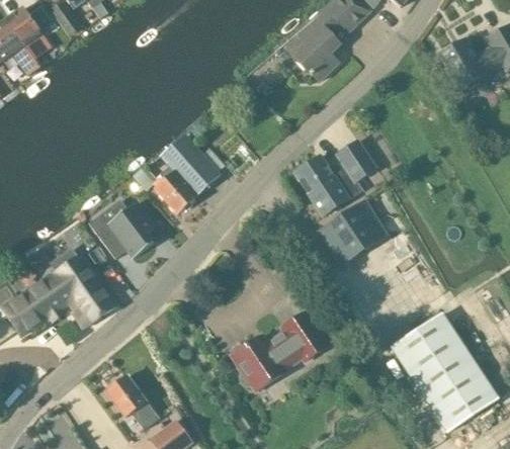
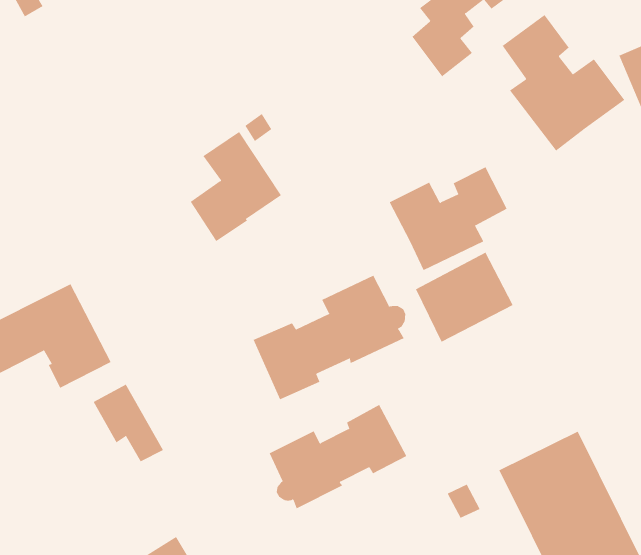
building: none -> [502,14,625,152]
building: [88,202,153,258] -> none
building: none -> [253,275,406,400]
building: [105,375,158,428] -> [93,384,164,462]

